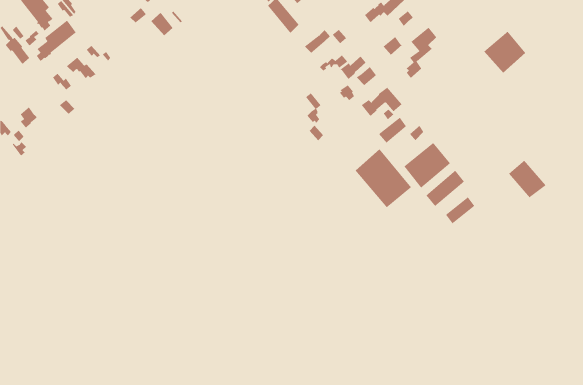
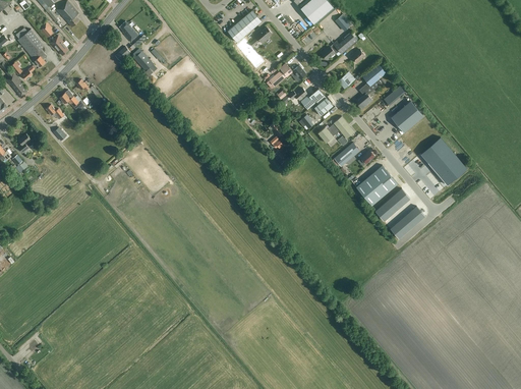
building: [36,20,77,62] -> none
building: [483,31,526,74] -> [386,97,423,134]
building: [355,149,412,208] -> none
building: [508,160,546,198] -> [429,141,463,174]

